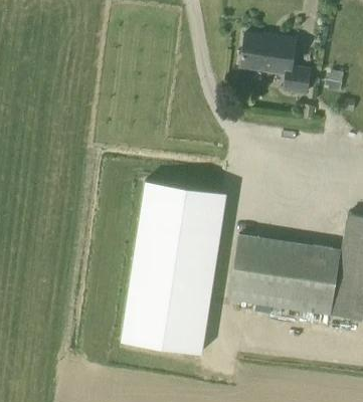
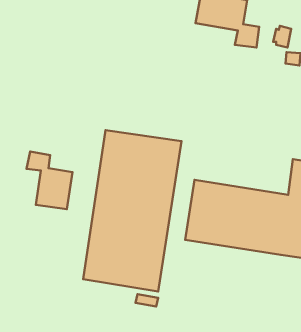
building: none -> [27,152,73,209]

